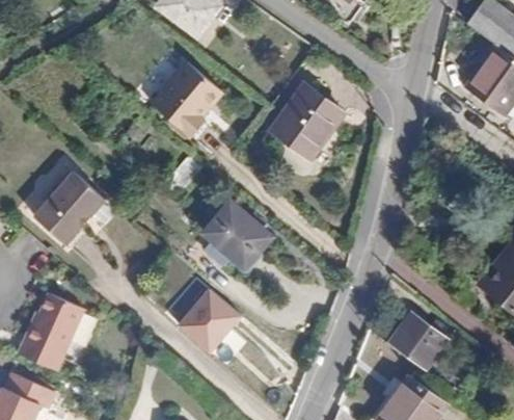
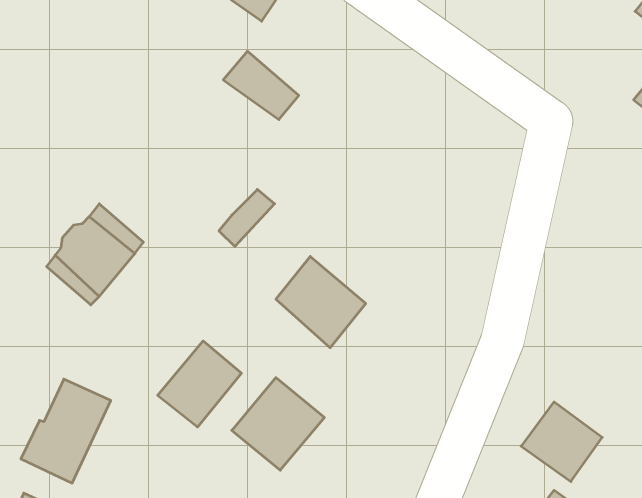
building: [148,75,207,132] -> none
building: [271,78,342,151] -> none
building: none -> [158,341,241,427]

